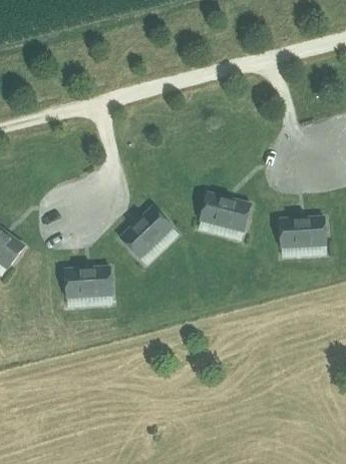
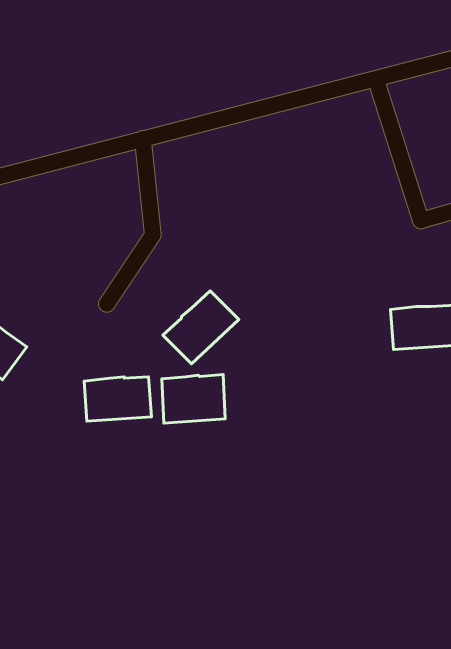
building: [201,192,252,231] -> none
building: none -> [162,374,225,423]

